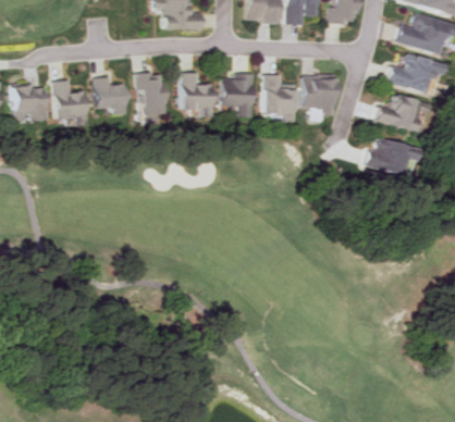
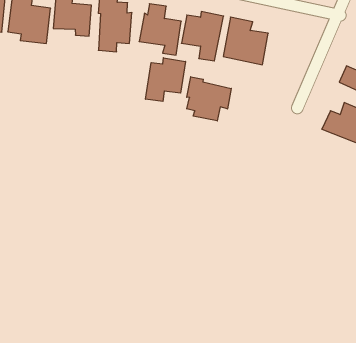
building: [303,76,339,110] -> none
building: none -> [146,58,185,101]
building: none -> [187,77,231,121]

